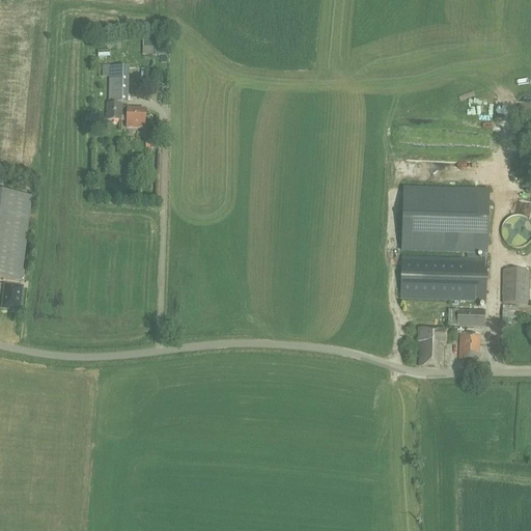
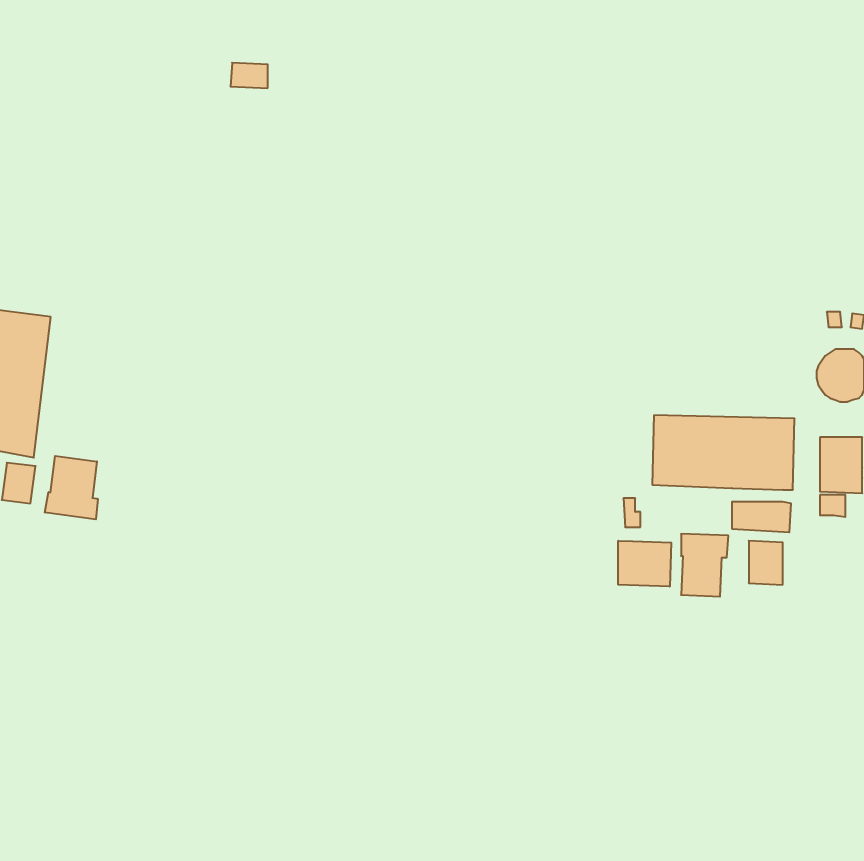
building: [107,74,144,127] -> none
building: [401,187,488,251] -> none
building: none -> [45,456,98,519]
building: none -> [618,541,671,587]

